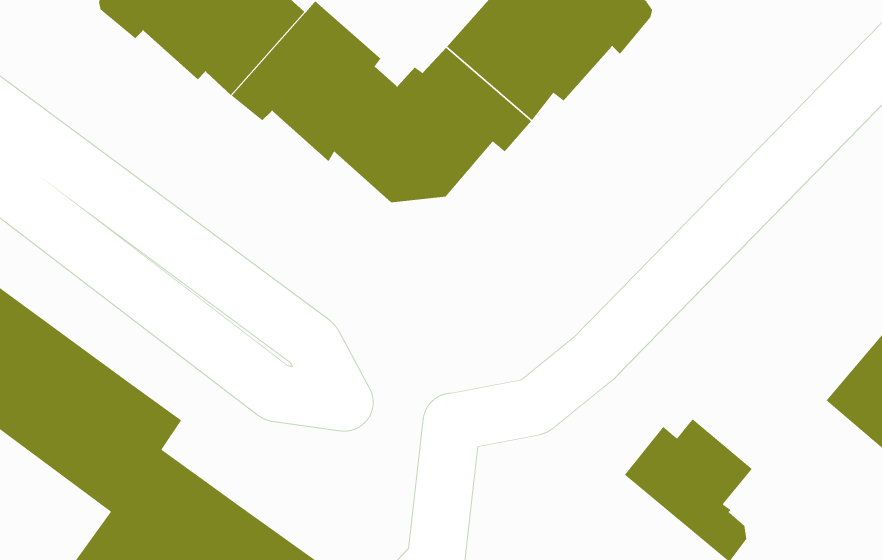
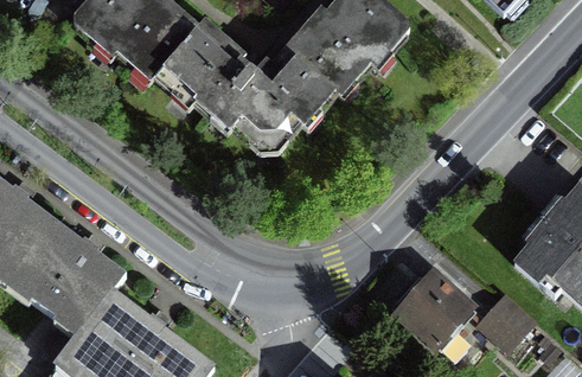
building: none -> [479,295,533,350]

